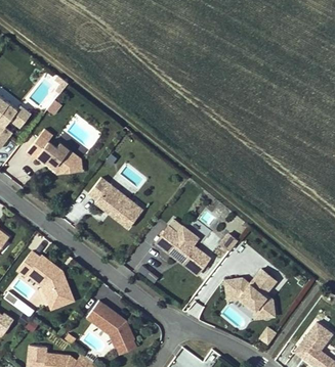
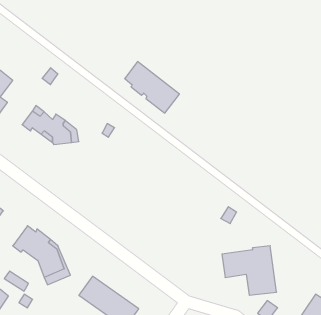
building: [89,178,142,228] -> [125,62,179,113]
building: [156,227,209,274] -> none

